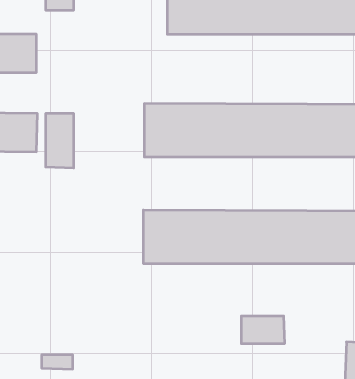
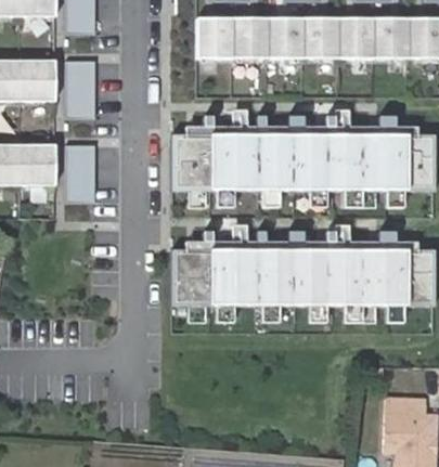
building: none -> [65,59,95,117]
building: [241,316,284,344] -> none

